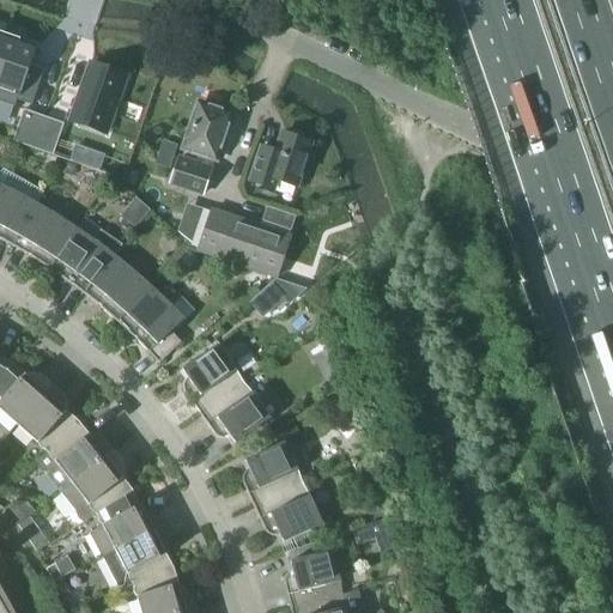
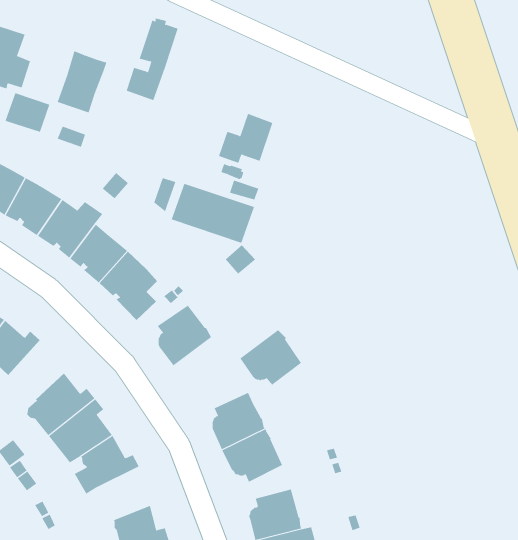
building: [170,99,229,192] -> [126,18,179,101]
building: [199,378,268,441] -> [239,329,302,385]
building: [16,382,78,448] -> none
building: [114,522,174,582] -> none

